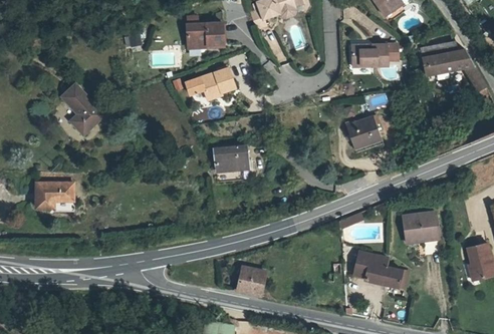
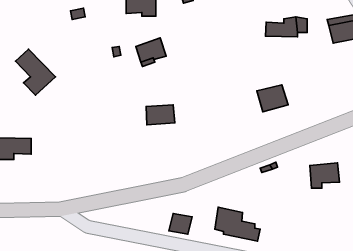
building: [354,250,407,289] -> [215,207,260,241]

